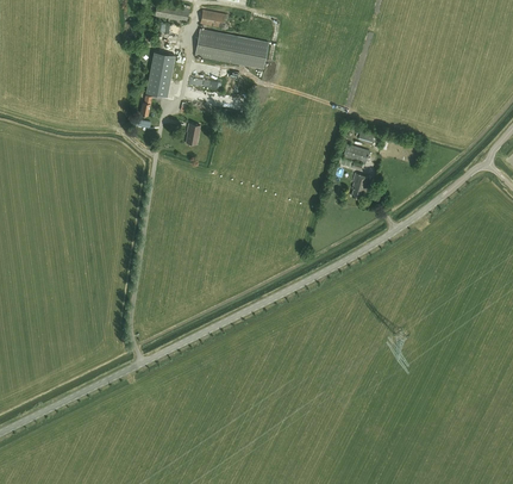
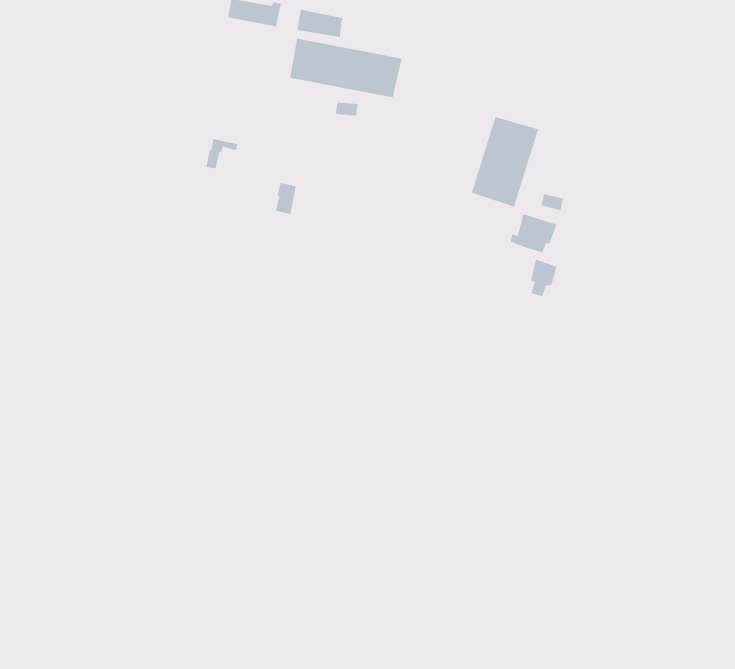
building: [146,51,175,97] -> none
building: none -> [471,116,539,207]

